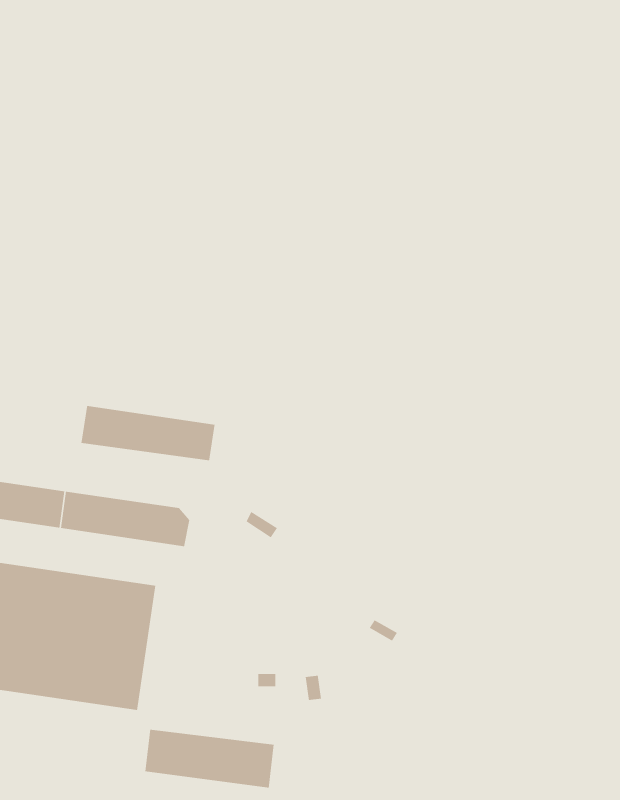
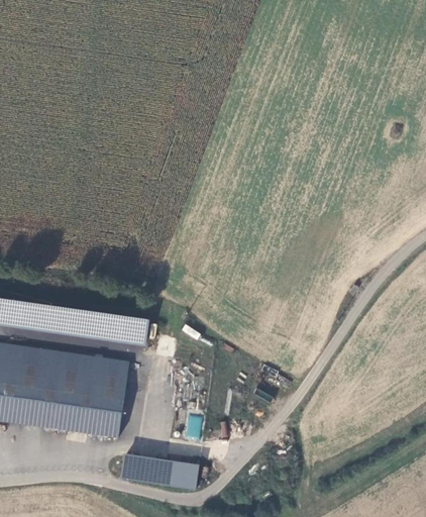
building: [81,405,215,461] -> none

